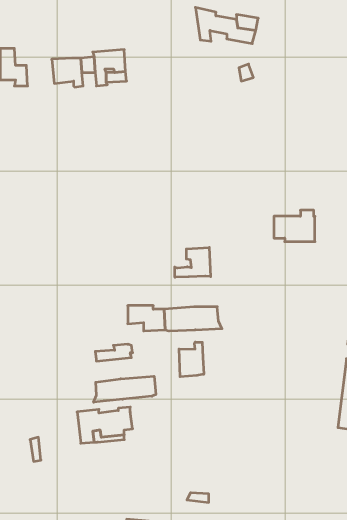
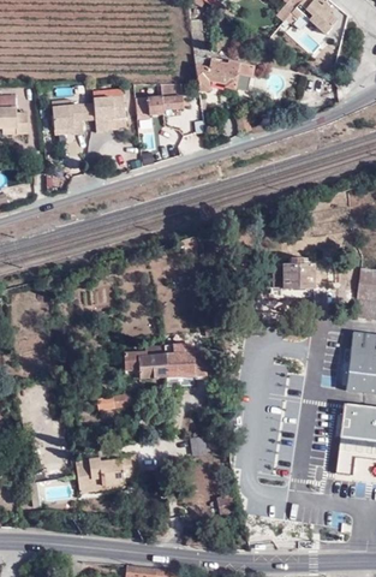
building: none -> [135,84,183,119]
building: [175,247,211,277] -> none
building: [179,342,204,377] -> none
building: [94,376,156,402] -> none

